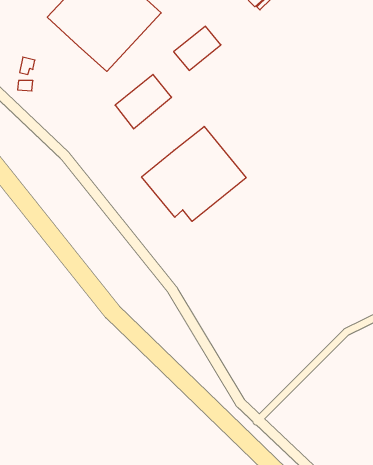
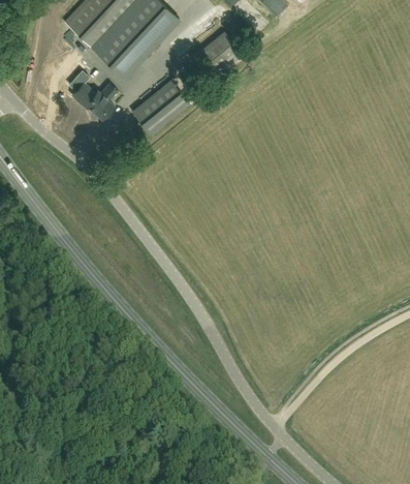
building: none -> [72,83,118,118]
building: [142,126,246,221] -> none

